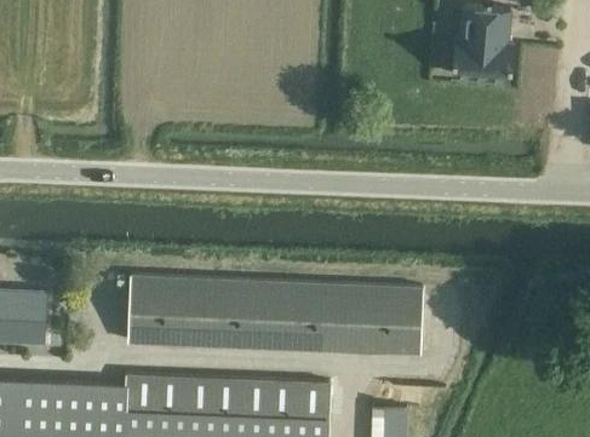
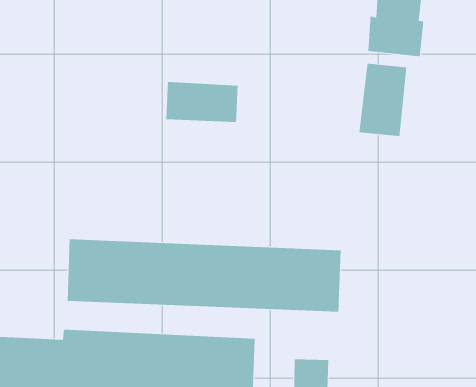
building: none -> [359,63,407,137]
building: none -> [166,81,238,123]

